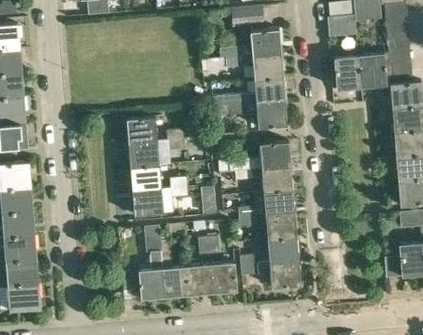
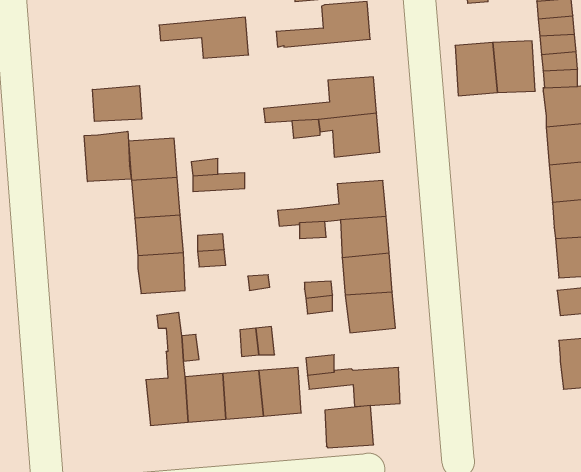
building: [225,53,282,79] -> [159,17,249,58]
building: none -> [92,86,142,121]
building: none -> [84,131,131,182]
building: [267,237,298,264] -> [325,405,374,448]

